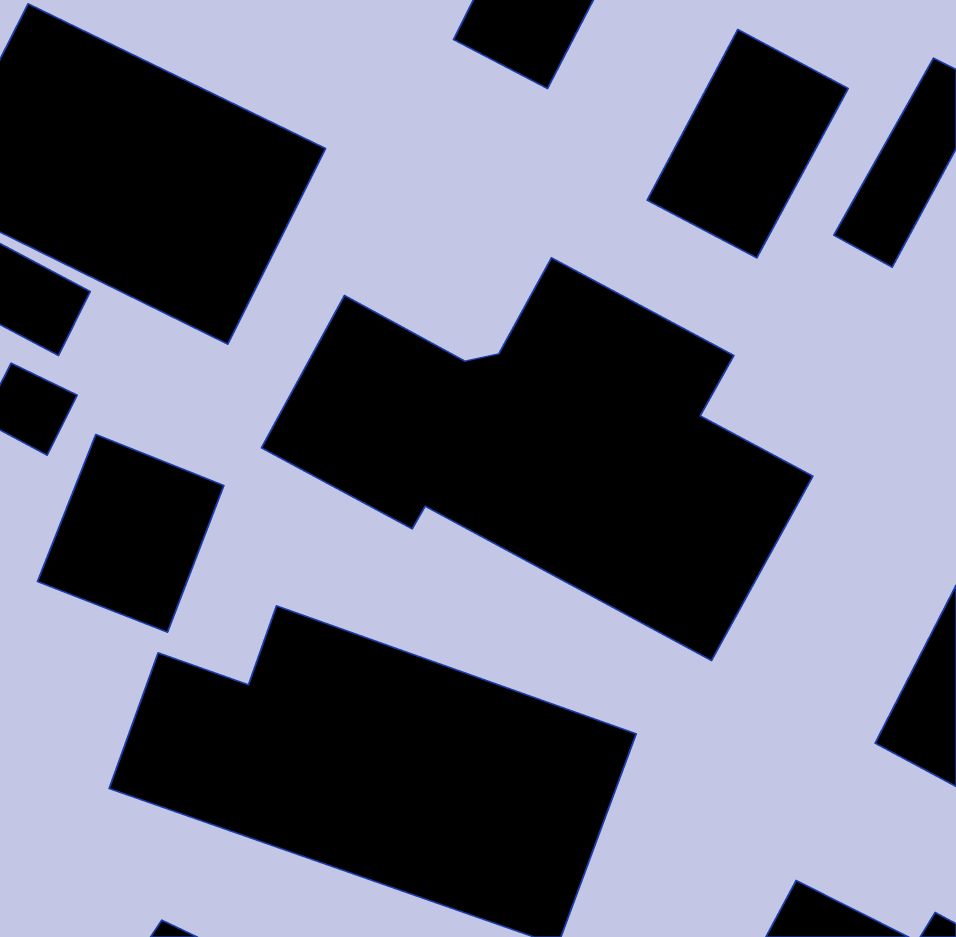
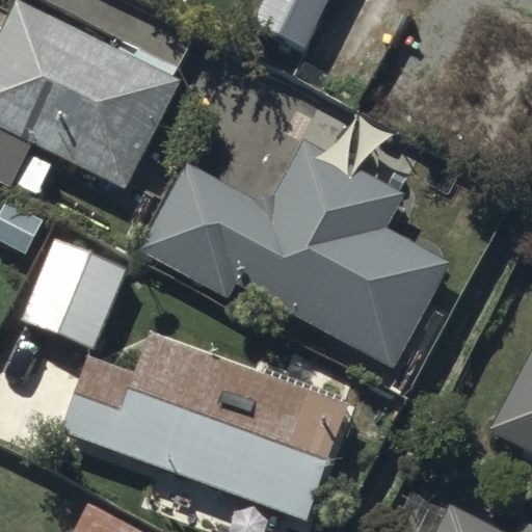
building: [647,29,848,258] -> none

